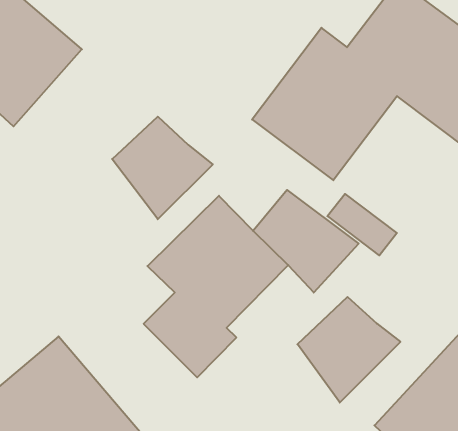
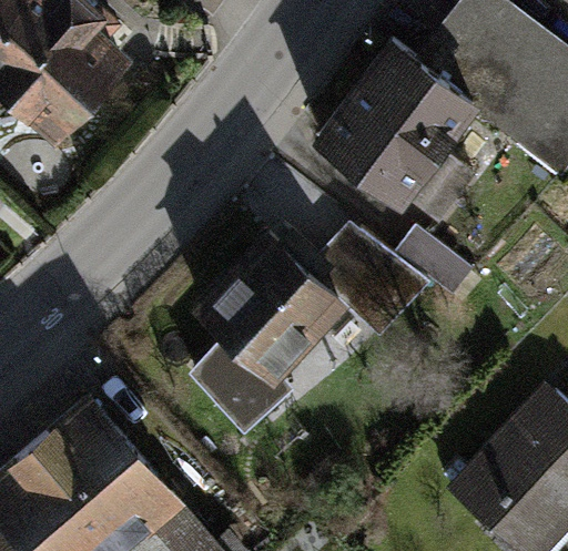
building: [112,117,213,219] -> none
building: [297,297,400,403] -> none

